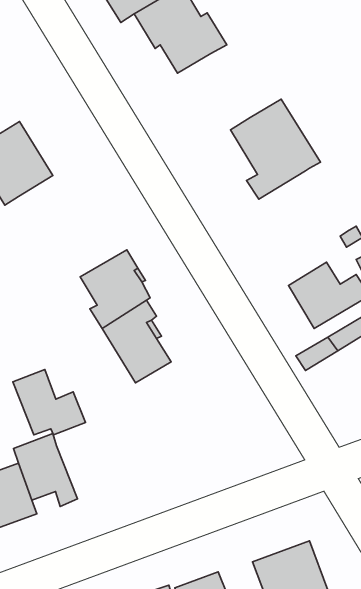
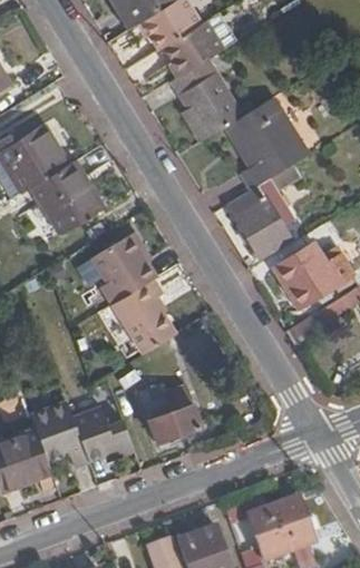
building: none -> [167,58,244,140]
building: none -> [35,163,103,233]
building: none -> [227,164,302,258]
building: [13,369,85,435] -> [69,401,135,460]
building: none -> [144,386,200,442]

